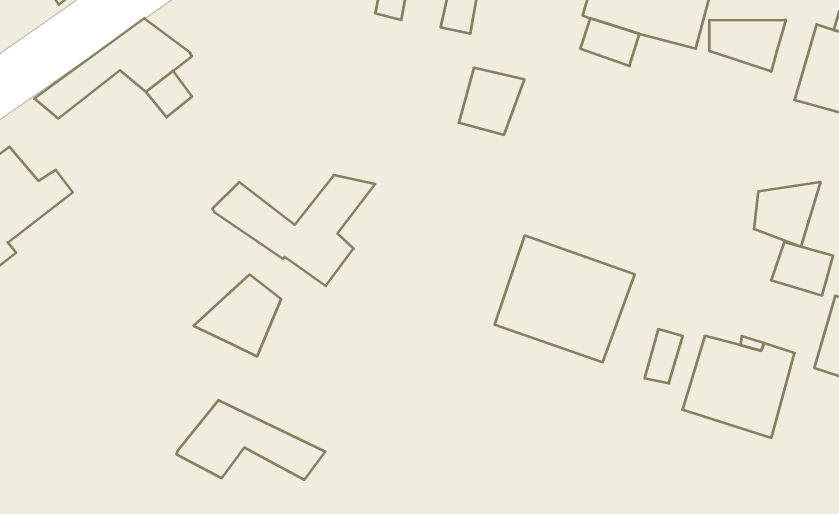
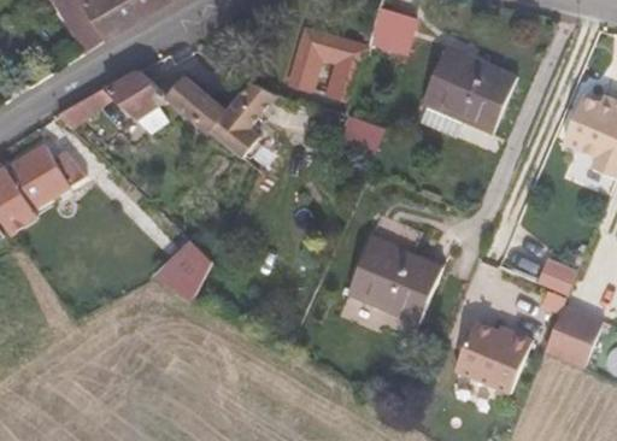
building: [710,20,786,72] -> none
building: [212,175,375,286] -> [165,77,274,151]
building: [754,182,820,247] -> none
building: [177,400,325,480] -> none

